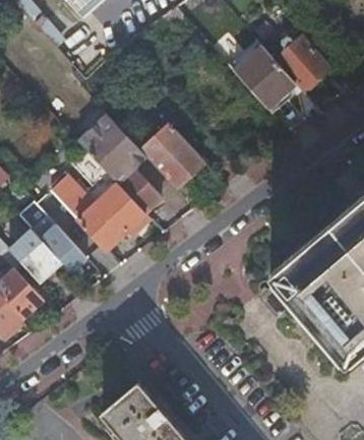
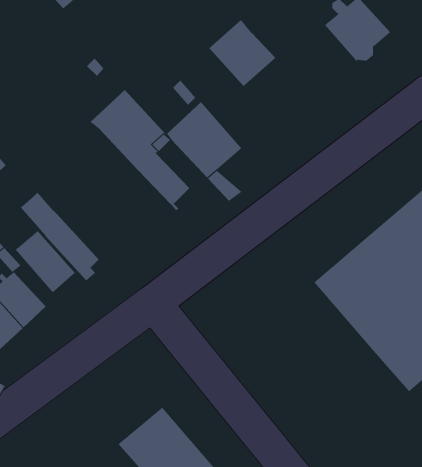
building: [237,51,294,108] -> [209,19,276,87]
building: [52,147,153,249] -> none

